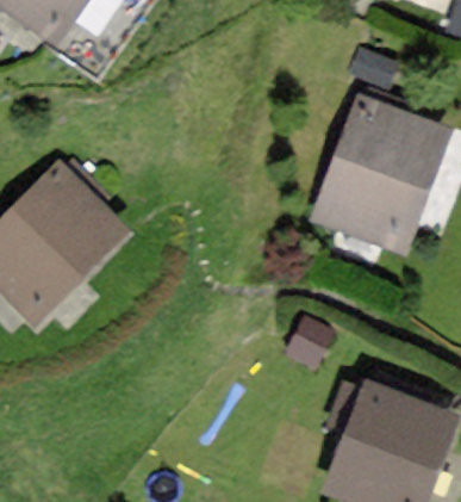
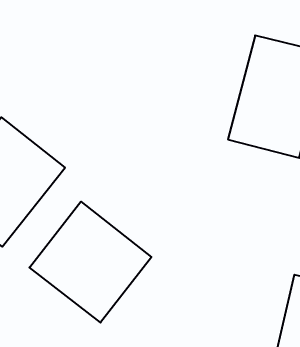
building: none -> [29,202,151,323]

